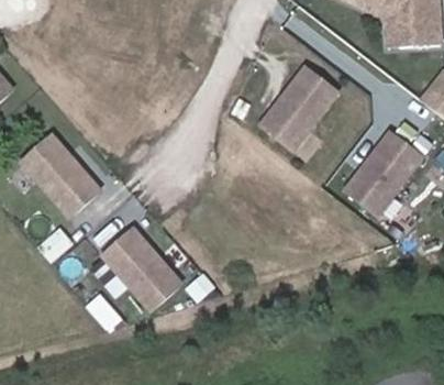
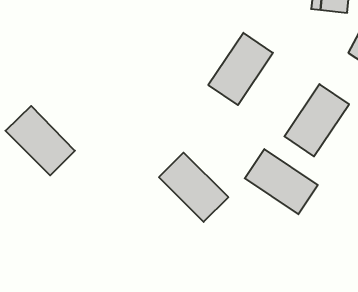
building: none -> [245,149,318,214]
building: [114,238,195,318] -> [159,153,228,222]

